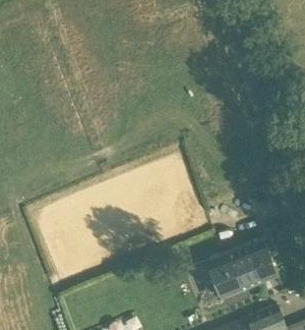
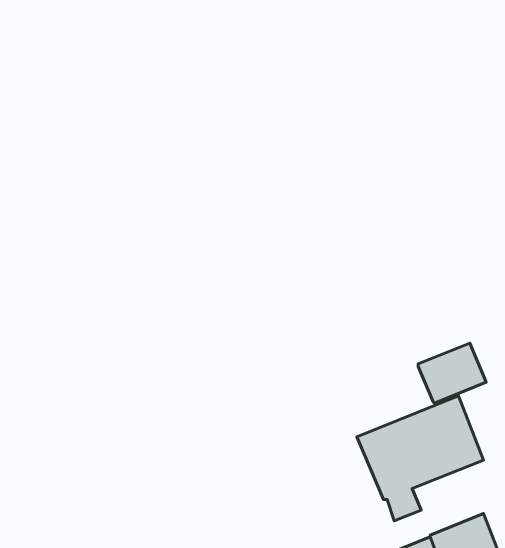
building: none -> [418,343,486,403]

